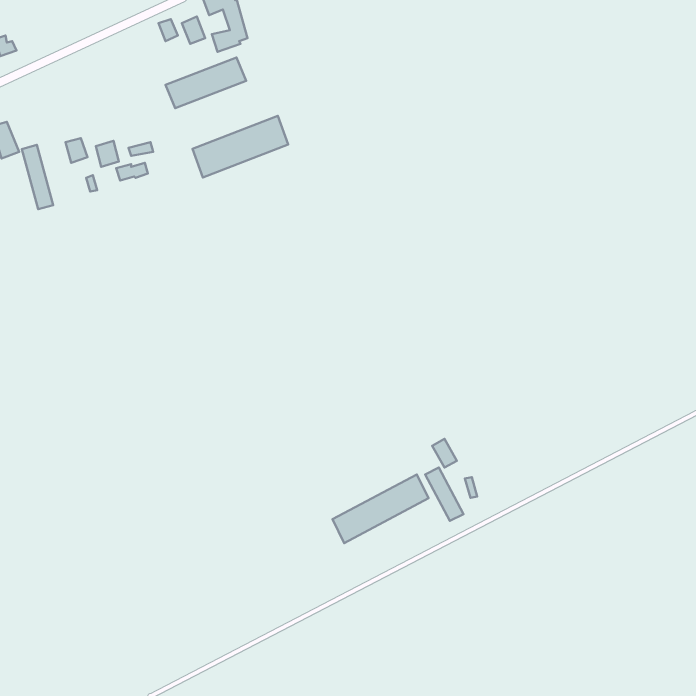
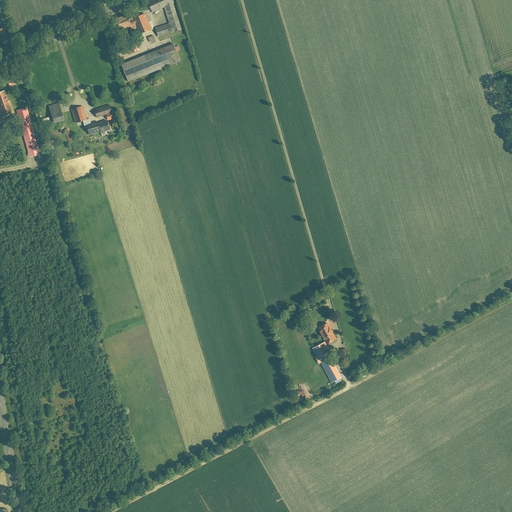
building: [192,116,288,178] -> none
building: [332,474,429,543] -> none

